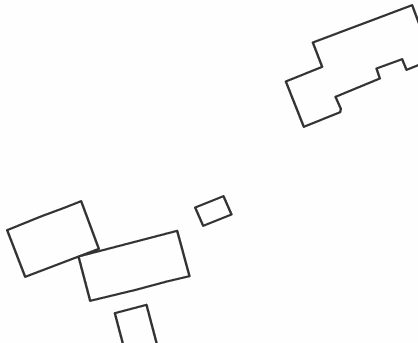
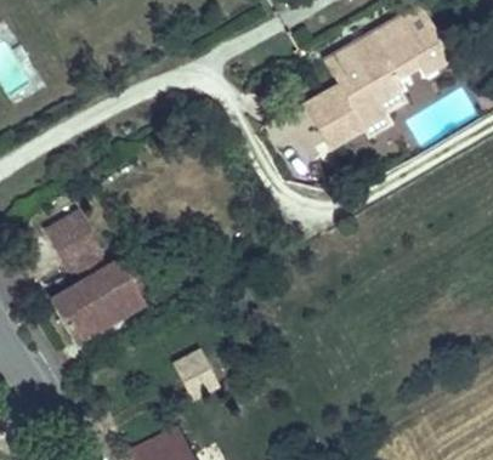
building: none -> [46,211,104,279]
building: [79,231,190,301] -> none

